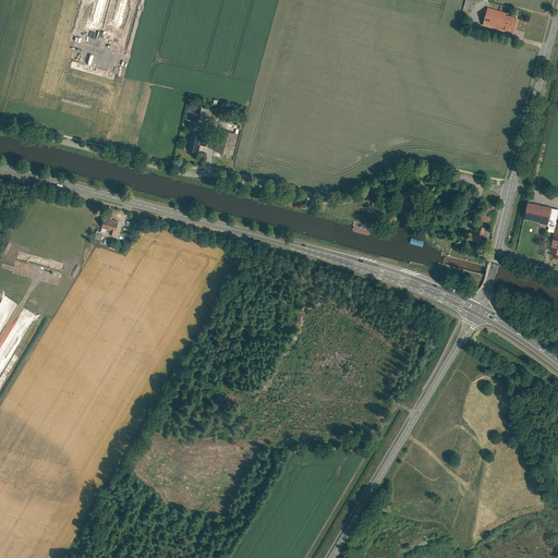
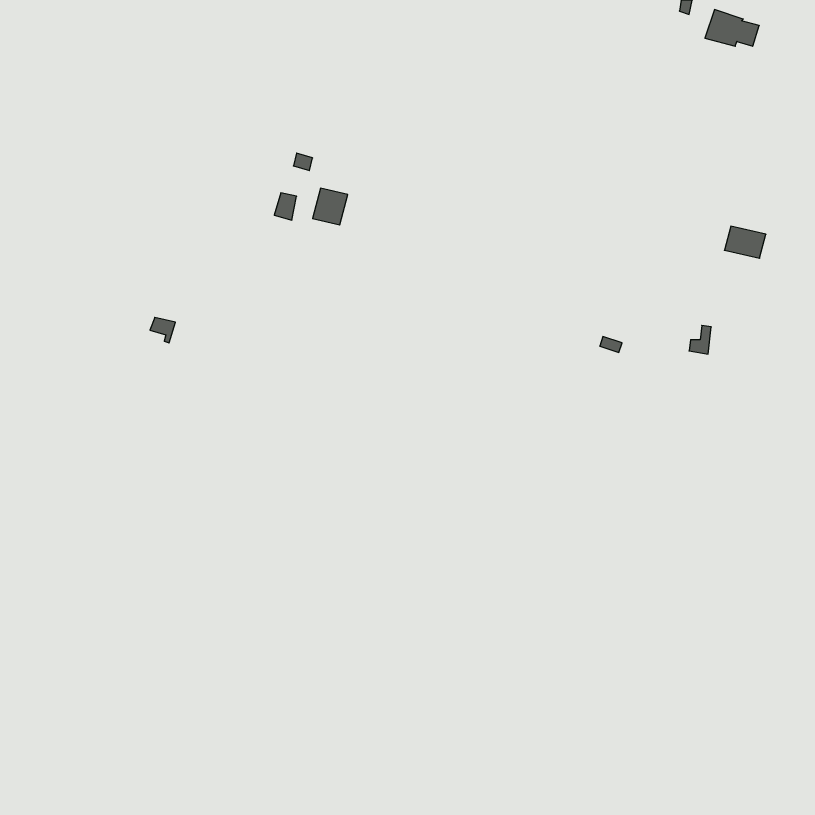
building: [524,203,553,225] -> [724,226,766,258]

